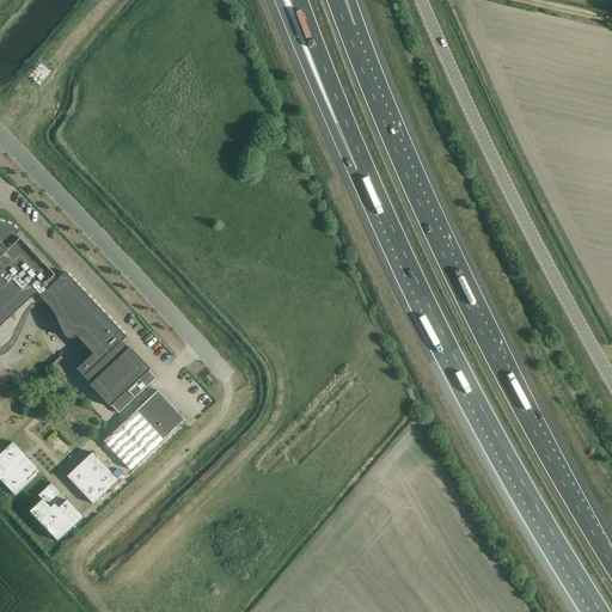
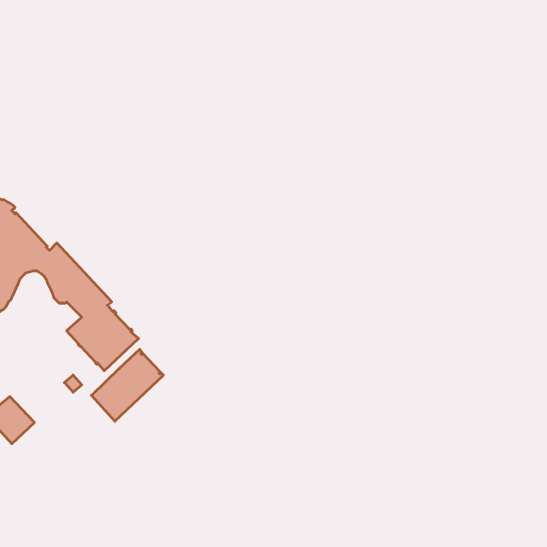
building: [65,451,116,502] -> none
building: [26,482,81,540] -> none

